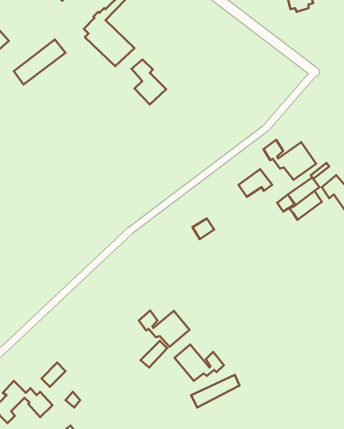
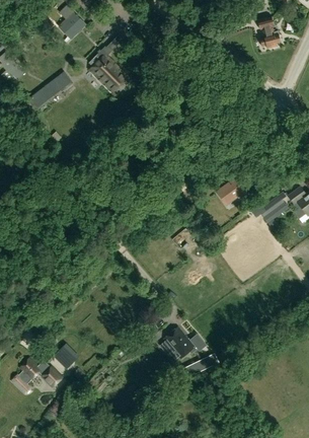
building: [132,59,166,104] -> none
building: [263,140,316,180] -> none
building: [139,311,189,347] -> none

